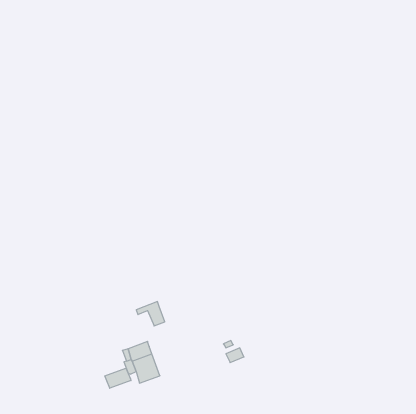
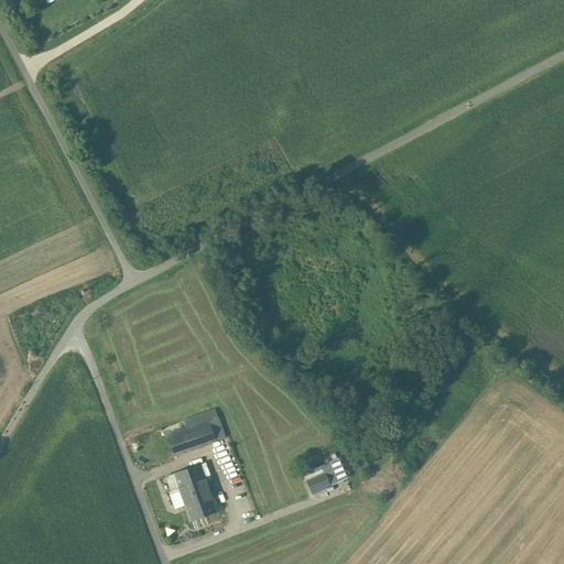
building: none -> [166,420,209,453]
building: [105,368,131,388] -> none

